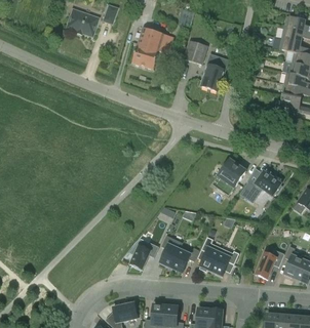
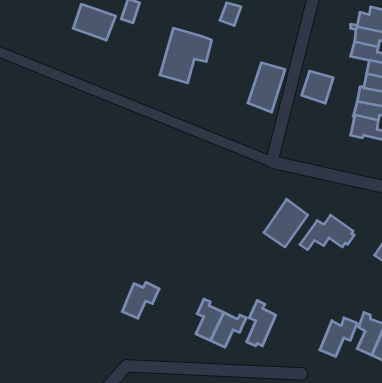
building: [183,40,207,65] -> [302,71,333,103]
building: [129,242,158,270] -> [122,282,159,318]
building: [210,248,238,277] -> none

